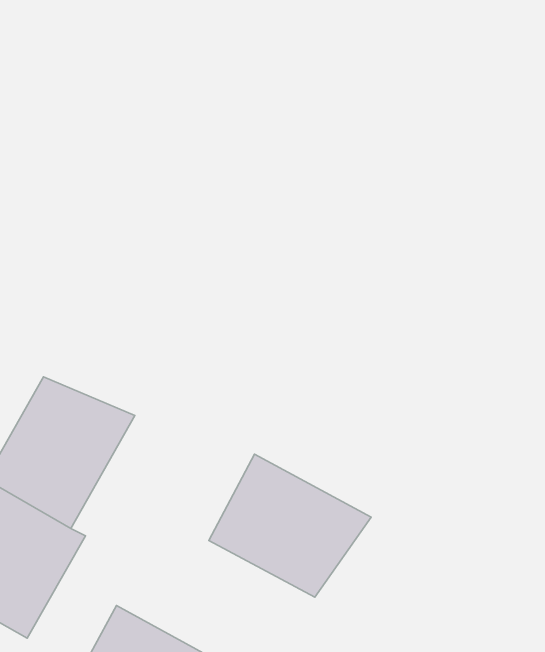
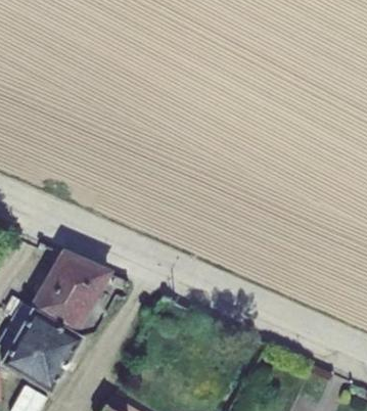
building: [209,454,371,597] -> none

